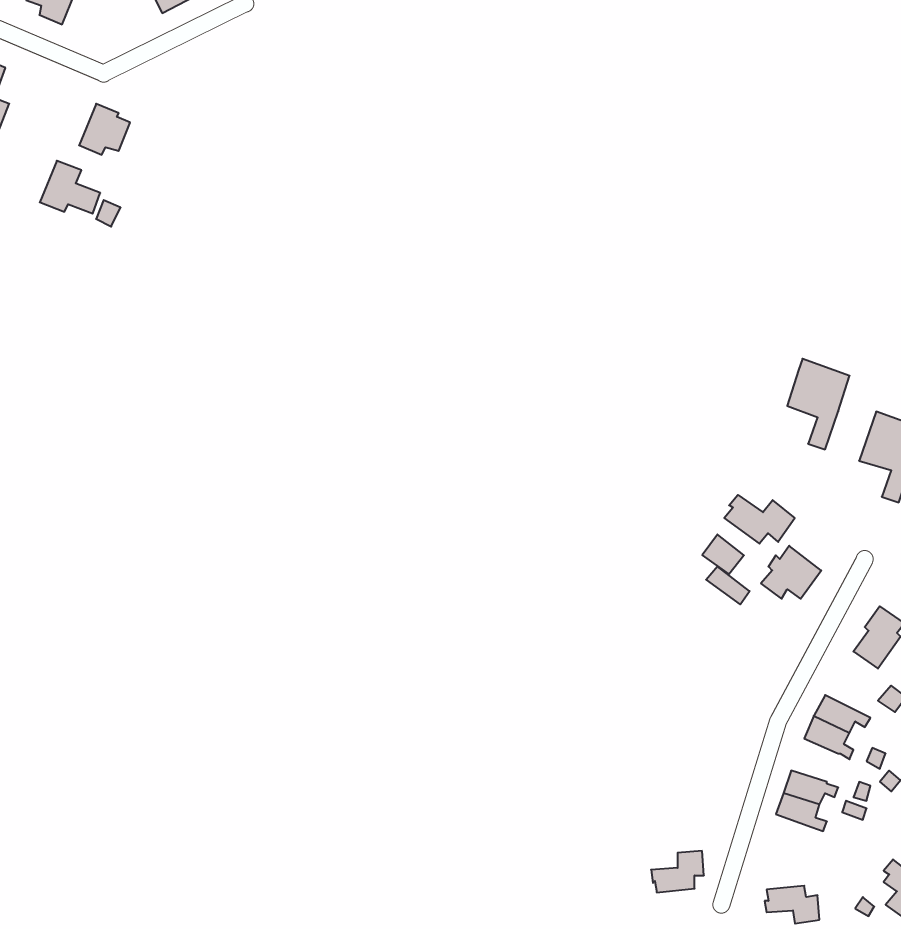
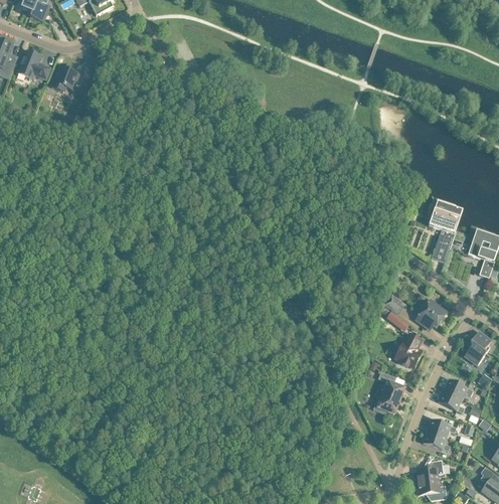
building: [40,161,100,214] -> [18,50,50,78]
building: [724,495,795,544] -> none
building: none -> [394,332,422,367]
building: none -> [373,371,403,413]
building: [651,851,704,892] -> [414,460,443,482]

